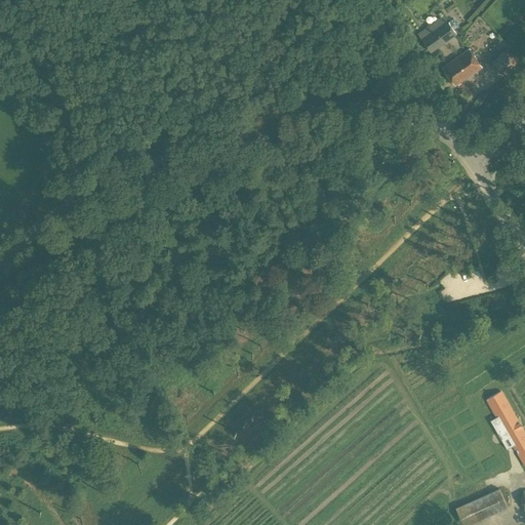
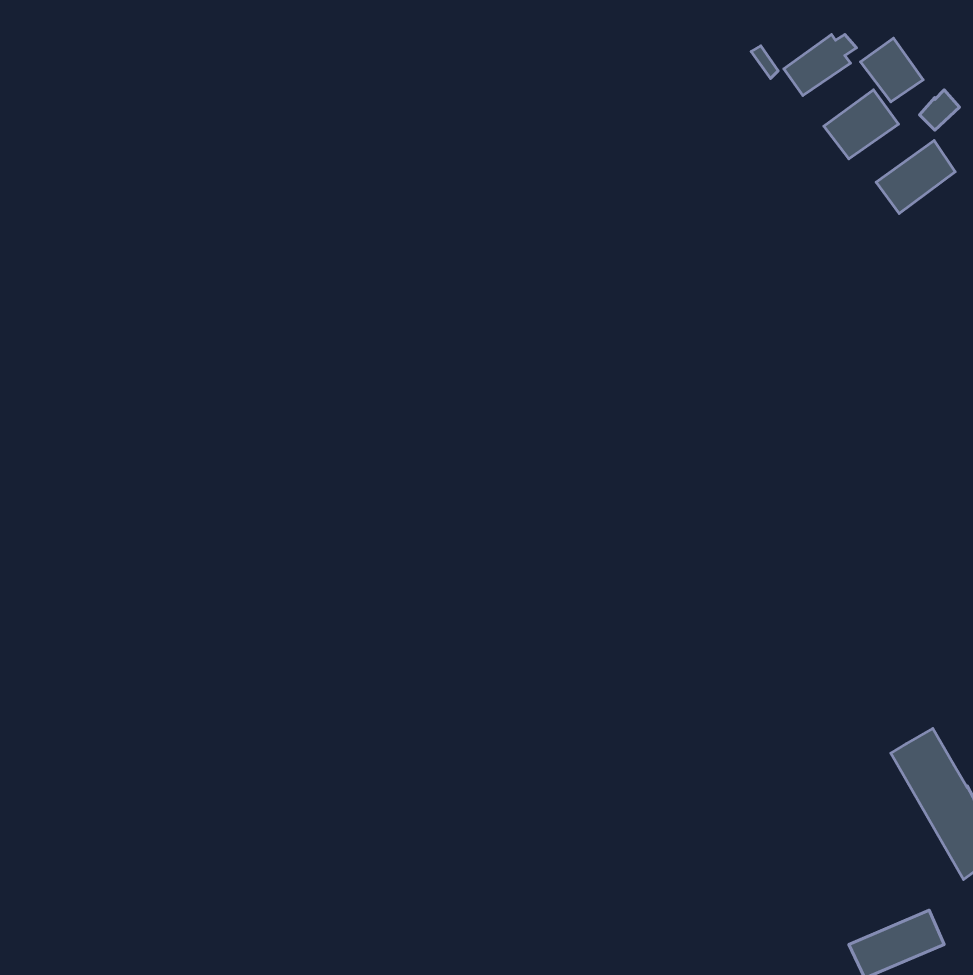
building: none -> [861,38,923,102]
building: none -> [876,141,955,214]

